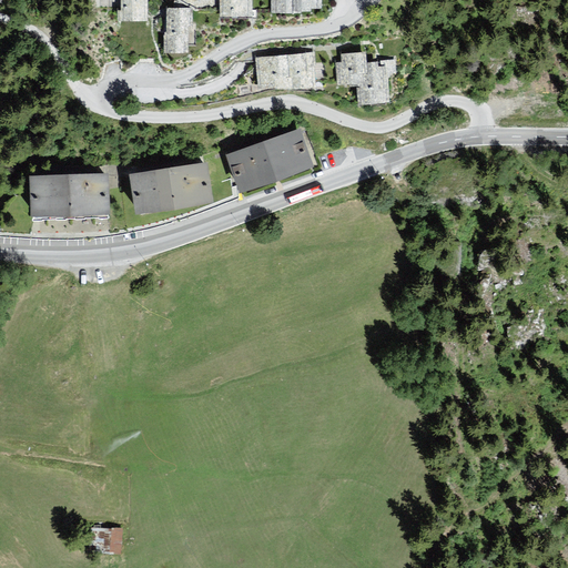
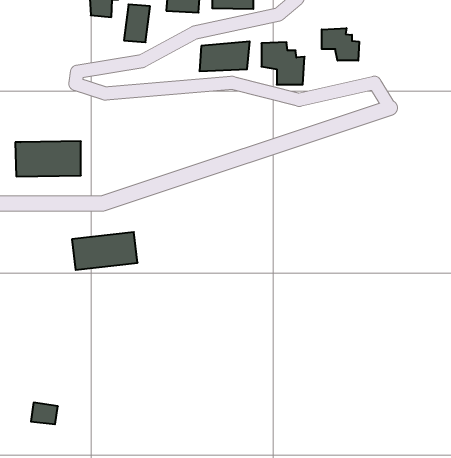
building: none -> [322,28,359,61]
building: [232,130,317,187] -> none
building: [129,163,210,210] -> [72,232,138,270]
building: [93,527,126,554] -> [31,403,58,424]

